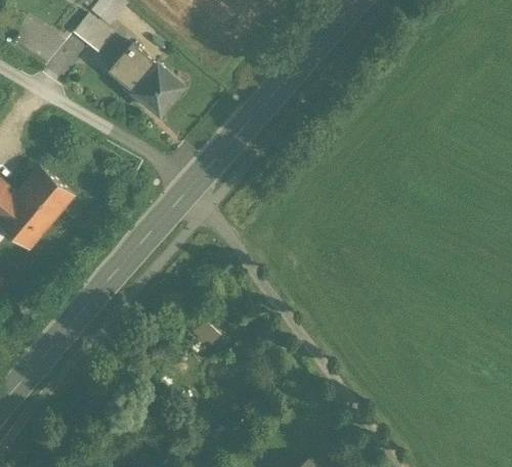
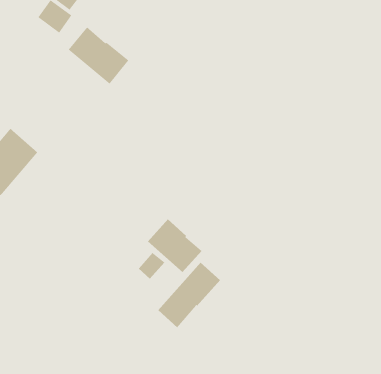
building: none -> [147,219,203,273]
building: none -> [157,262,221,328]

